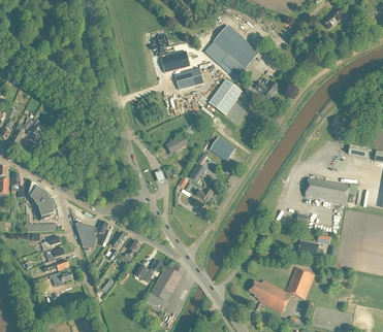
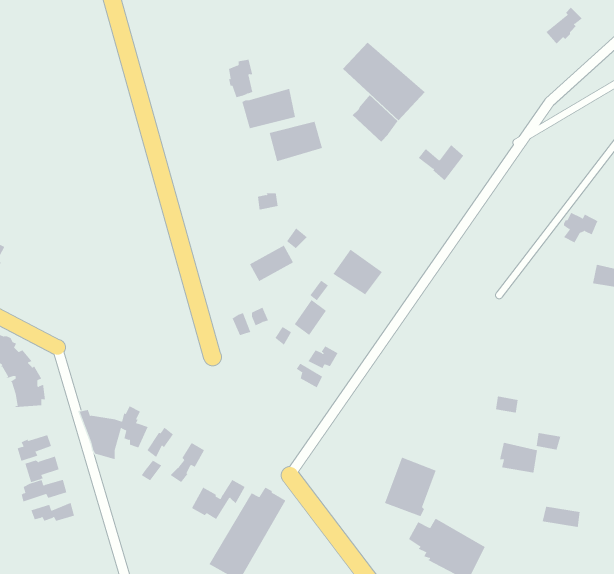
building: [208,78,242,114] -> none
building: [304,177,349,204] -> none
building: [285,267,313,299] -> [384,457,436,517]

